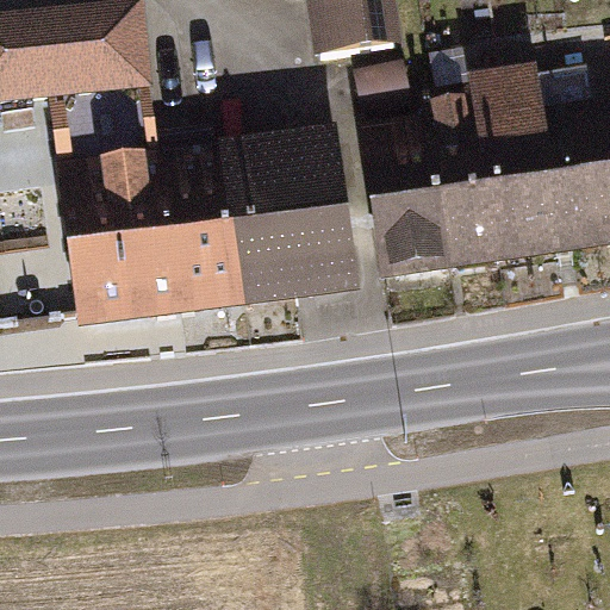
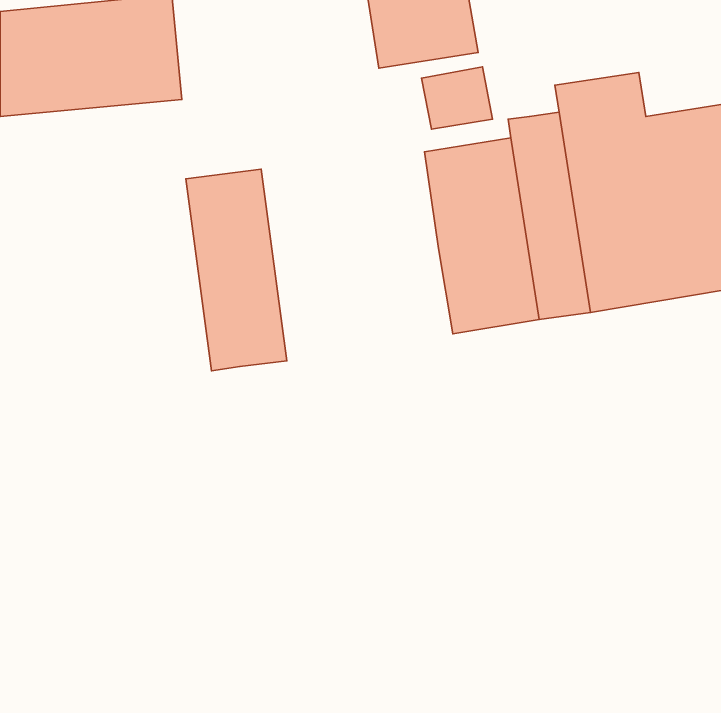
building: [223,127,356,303] -> none
building: [56,150,181,325] -> none

